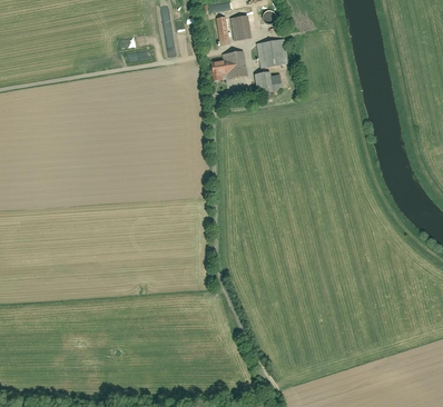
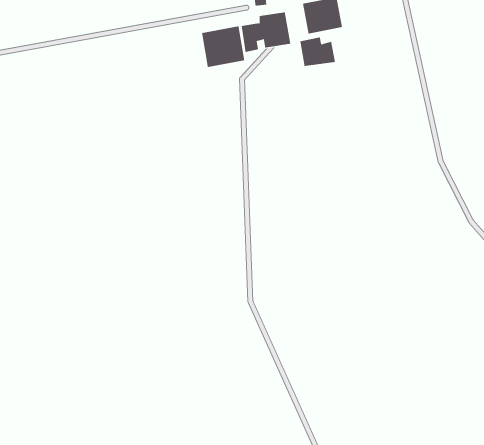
building: none -> [201,25,245,68]

